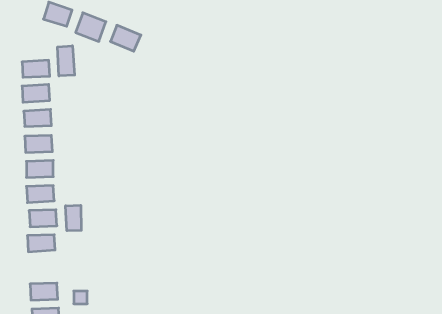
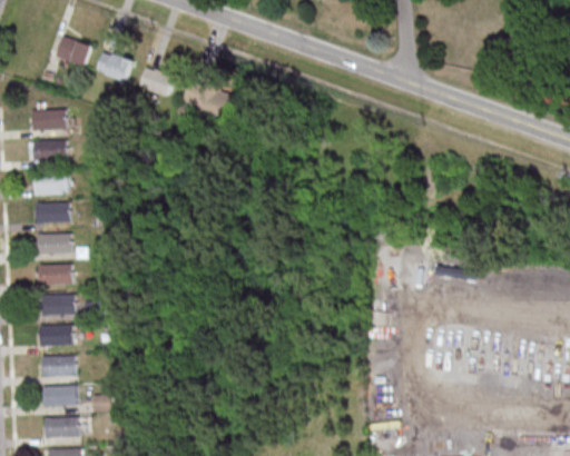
building: none -> [184,79,236,123]
building: [58,46,75,76] -> none
building: [66,205,81,231] -> none
building: none -> [40,356,75,377]

